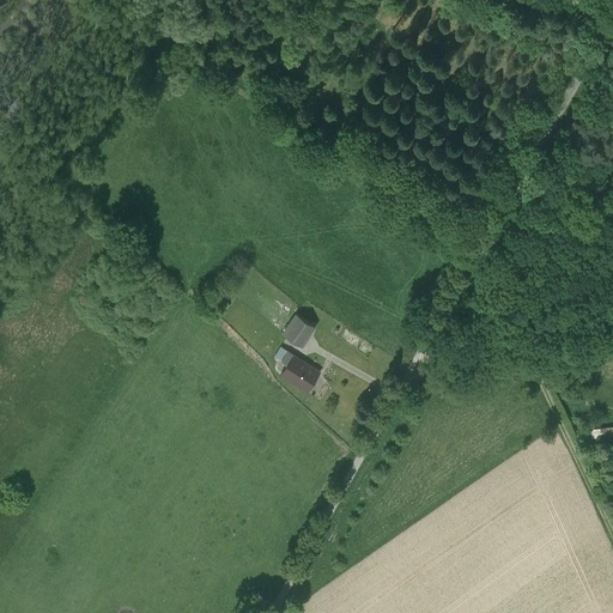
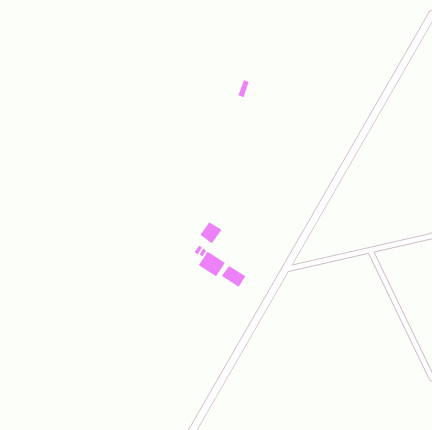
building: none -> [221,265,246,288]

